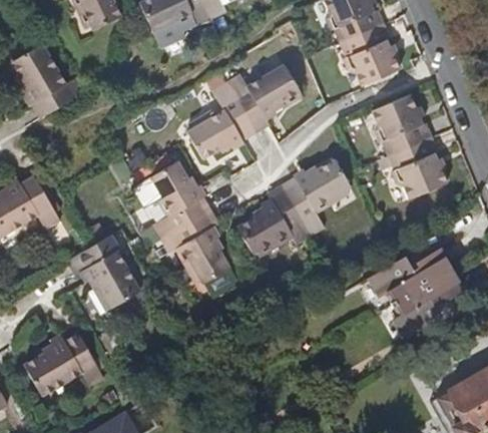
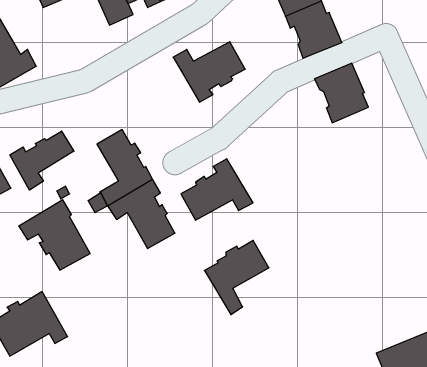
building: [187,86,253,166] -> none
building: [374,137,447,197] -> none
building: [281,159,347,236] -> [204,240,269,315]
building: none -> [10,131,74,190]
building: [370,248,464,337] -> none

